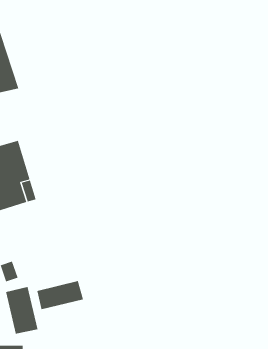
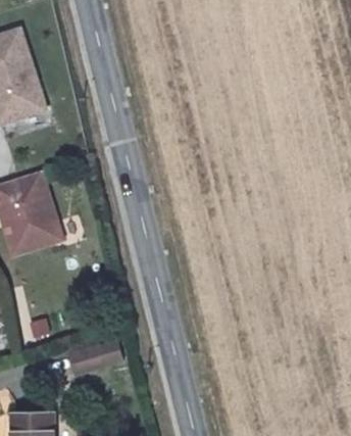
building: [5,286,38,335] -> none

